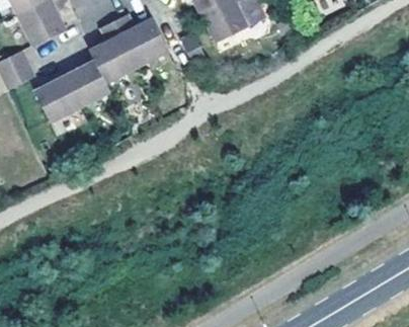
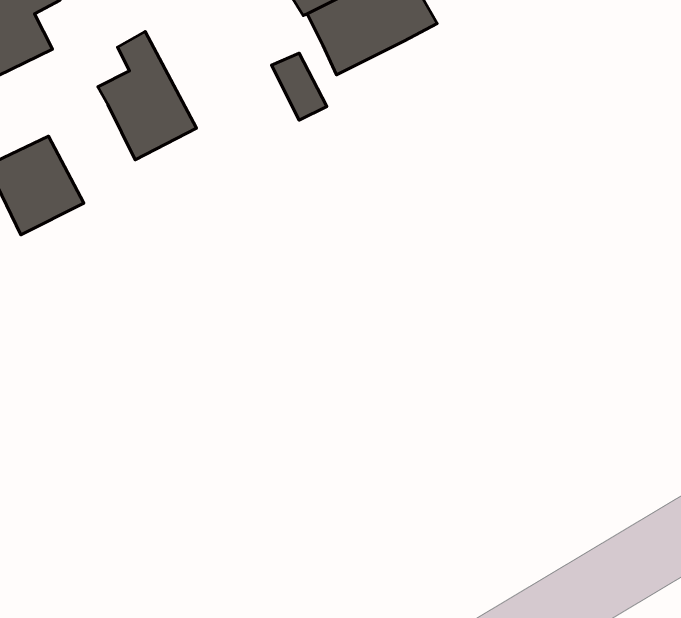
building: [114,11,172,68] -> none
building: [65,56,112,106] -> none

